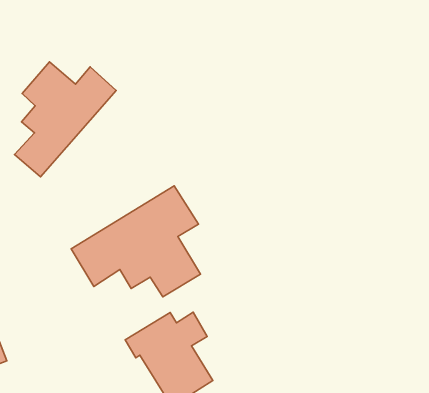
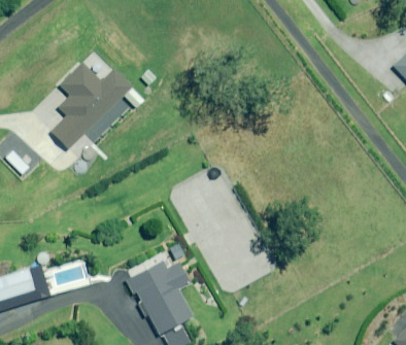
building: [71,186,201,297] -> none

